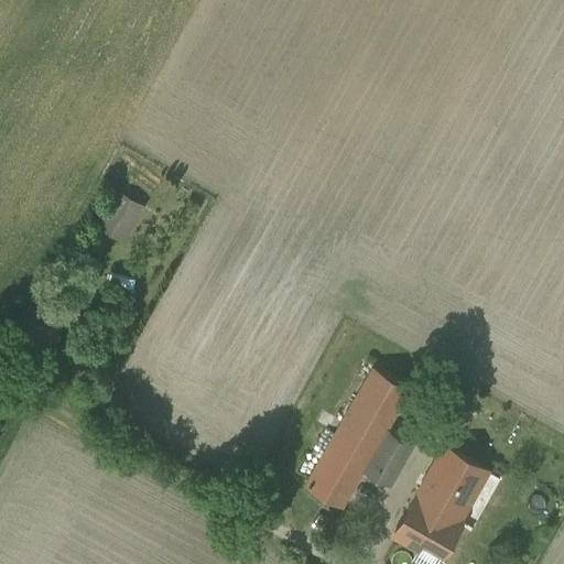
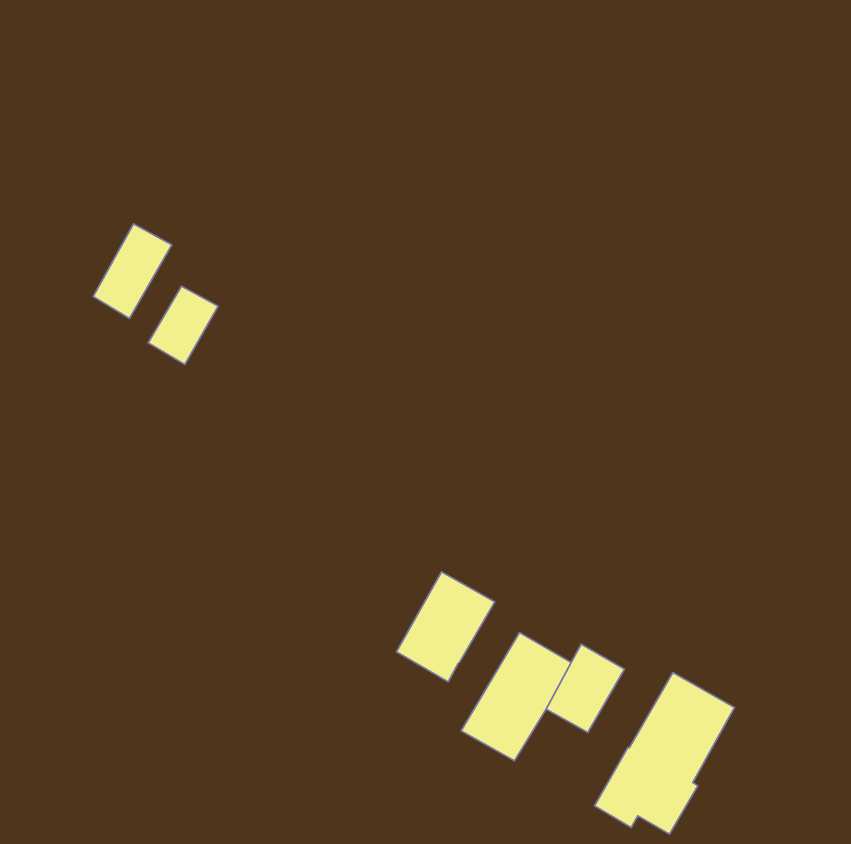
building: none -> [93,224,172,319]
building: [344,370,409,443] -> [397,572,495,682]

